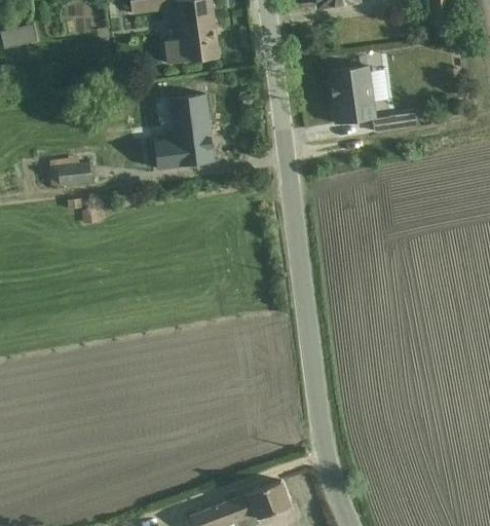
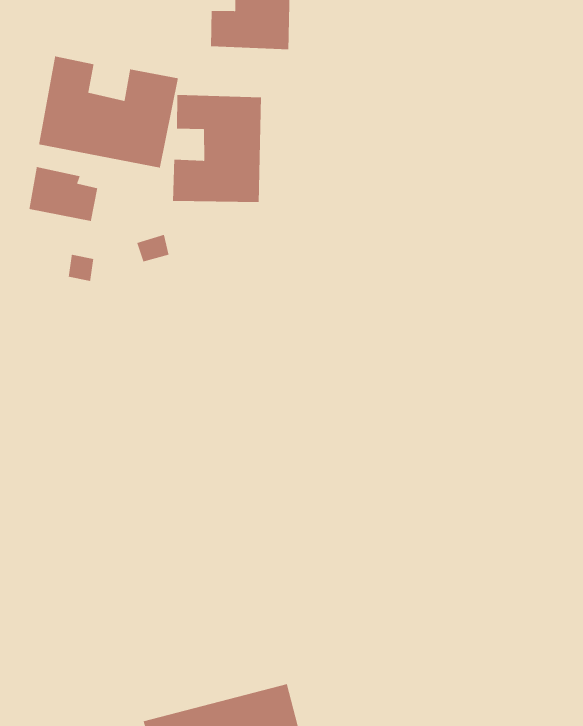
building: [328,65,376,124] -> none
building: none -> [38,56,179,169]

